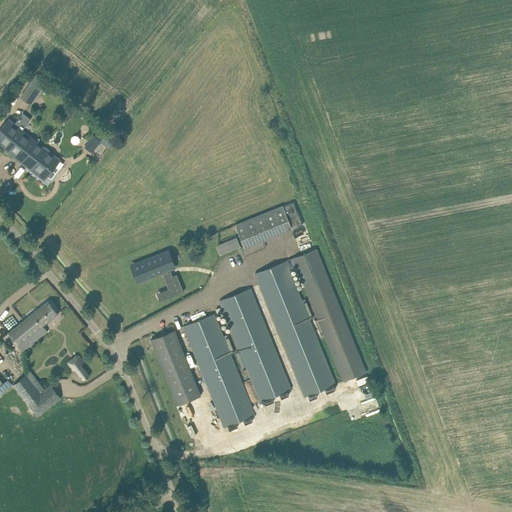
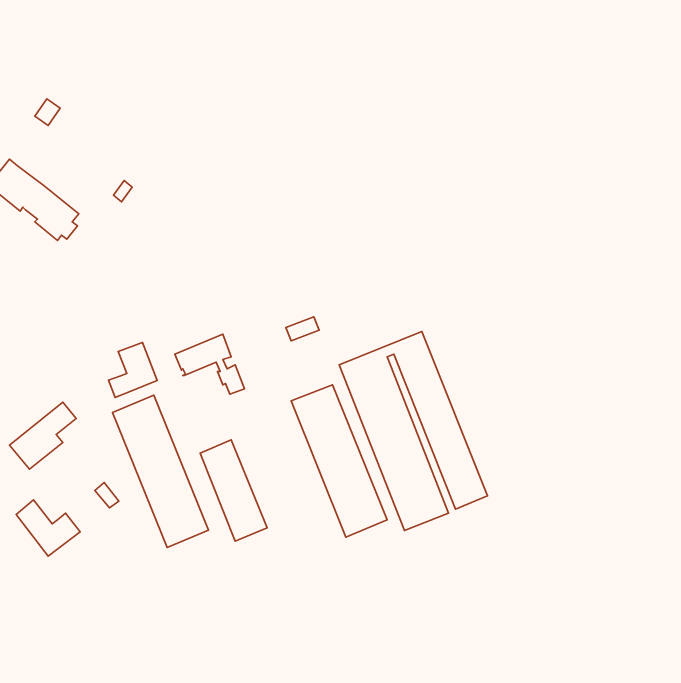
building: [235,200,307,247] -> none
building: none -> [109,343,157,397]
building: [182,313,254,427] -> [112,395,208,548]

